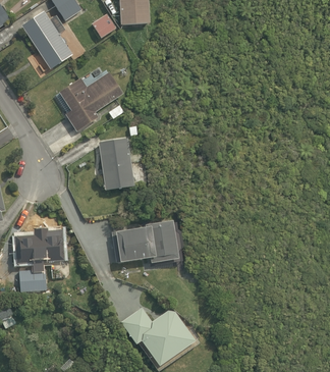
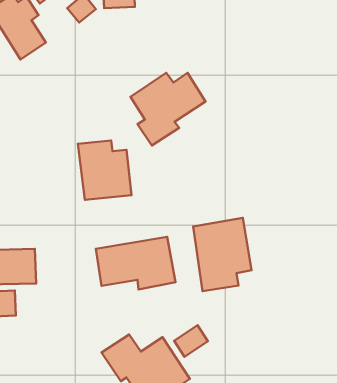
building: [58,70,122,132] -> [130,73,205,146]
building: none -> [193,218,252,291]
building: none -> [174,325,208,357]

